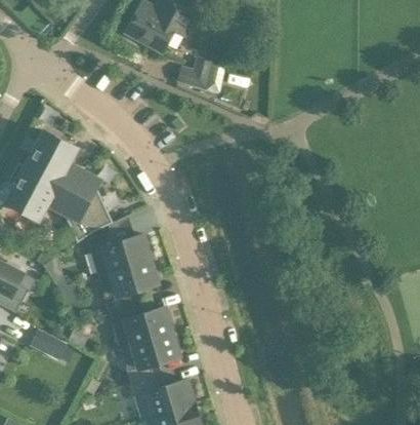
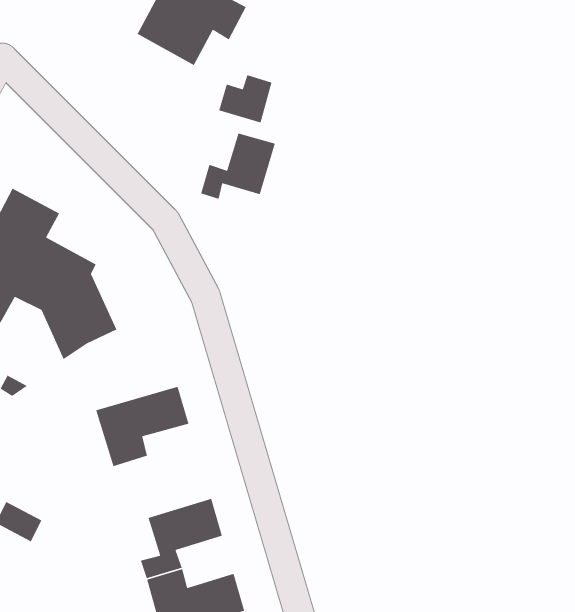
building: none -> [200,132,276,211]
building: [86,231,151,274] -> none
building: [109,304,172,347] -> none

